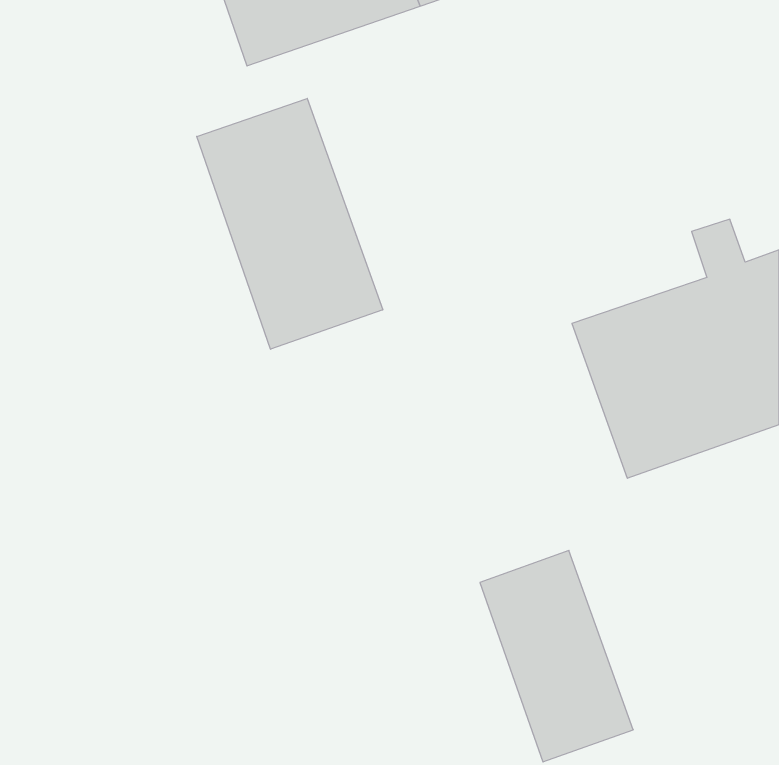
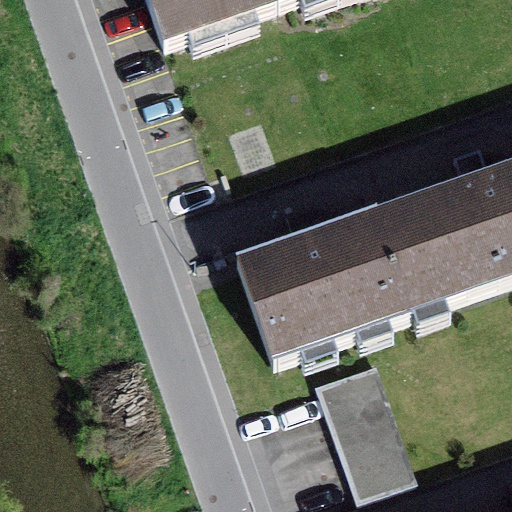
building: [197,98,383,349] -> none
building: none -> [237,201,409,360]

